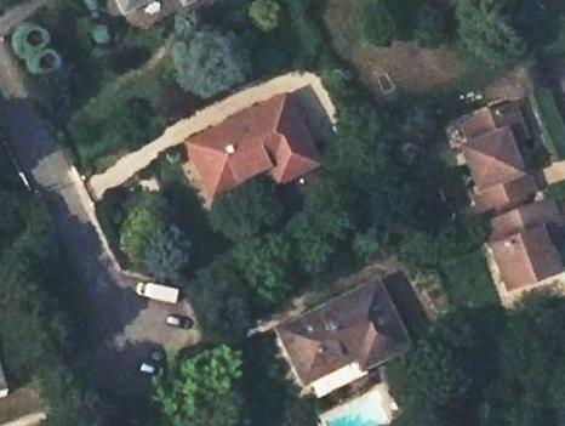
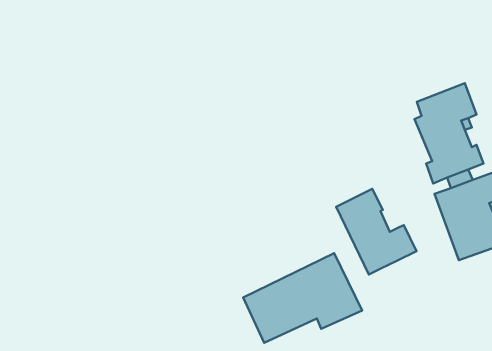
building: [192,97,316,191] -> none
building: none -> [336,189,416,274]

